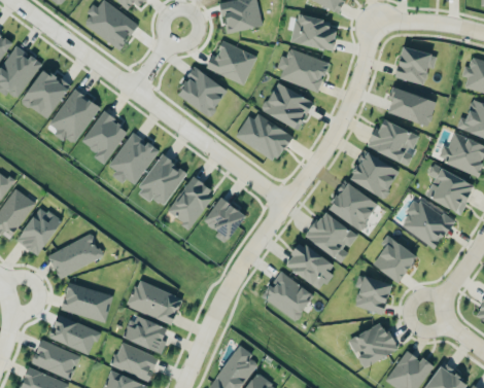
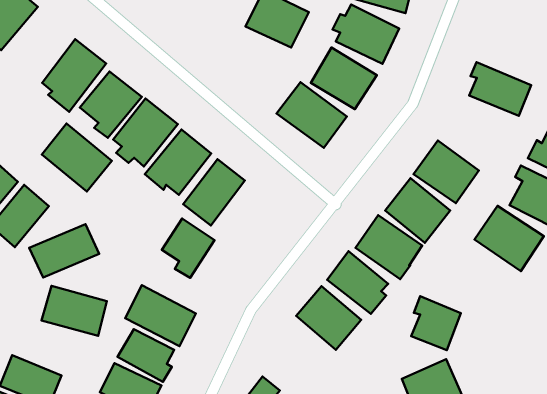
building: [394,47,436,84] -> none
building: [20,68,70,119] -> none
building: [176,68,228,116] -> none
building: [366,119,417,166] -> none
building: none -> [42,123,112,192]
building: [204,198,245,244] -> [162,218,215,278]
building: [372,235,416,283] -> none
building: [48,315,99,354] -> none

